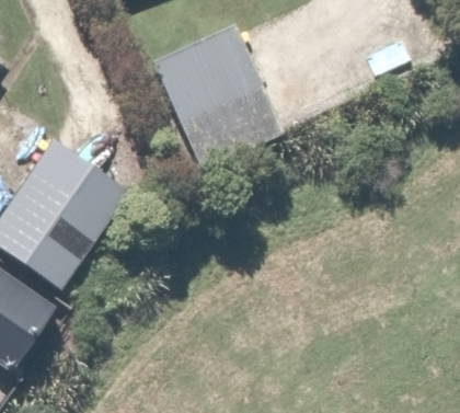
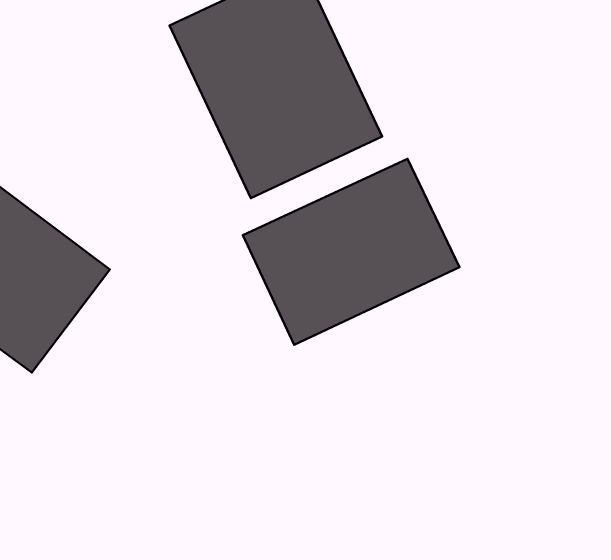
building: none -> [243,159,460,345]

